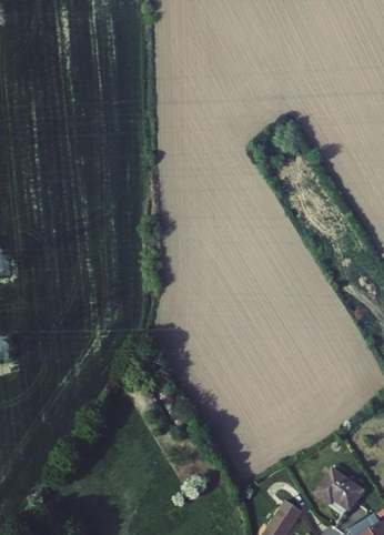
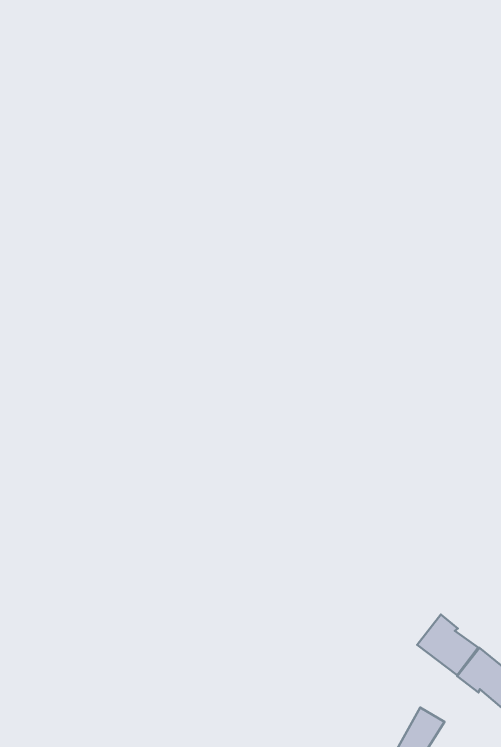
building: none -> [417,615,478,675]

